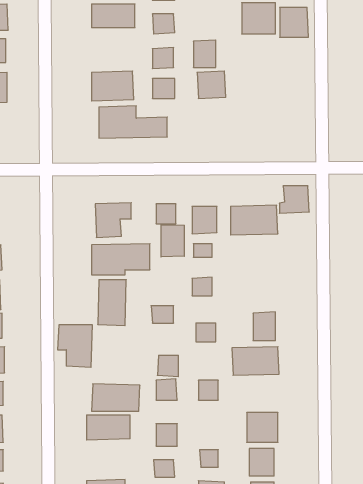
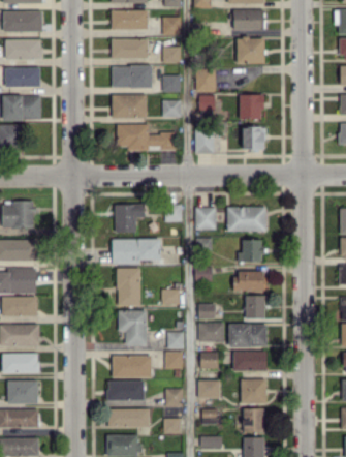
building: [280,7,308,37] -> [240,94,263,119]
building: none -> [112,65,152,88]
building: none -> [243,127,264,150]
building: none -> [195,129,215,153]
building: [279,186,309,213] -> [239,239,263,262]
building: [161,225,184,257] -> none
building: none -> [234,270,264,291]
building: [58,325,92,367] -> [118,310,147,345]
building: none -> [198,322,224,341]
building: none -> [233,351,266,370]
building: none -> [198,379,220,398]
building: none -> [107,408,150,428]

